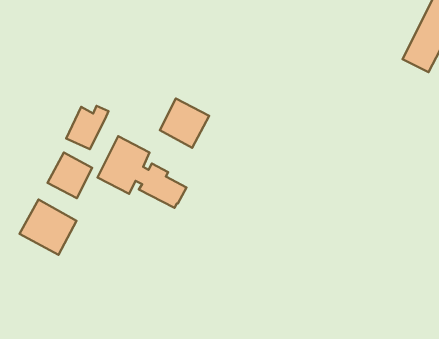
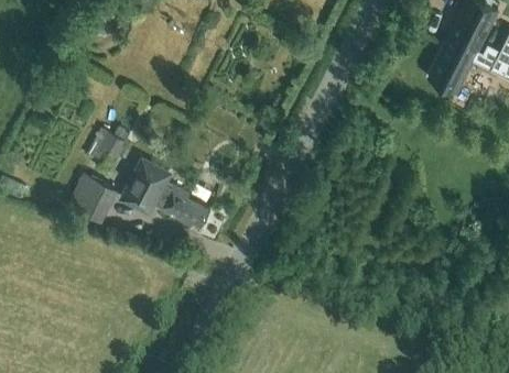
building: [160,99,209,148] -> none
building: [19,199,76,255] -> none

